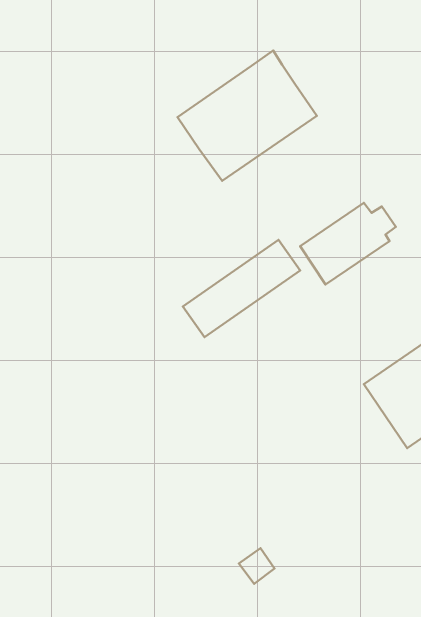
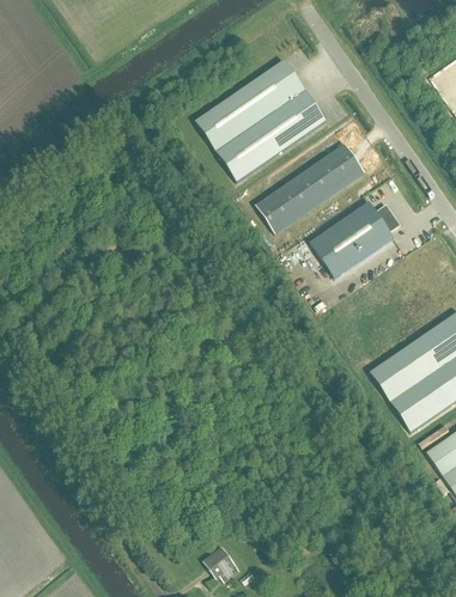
building: [183,240,300,337] -> [255,142,365,233]
building: [239,548,274,584] -> [202,544,236,578]

